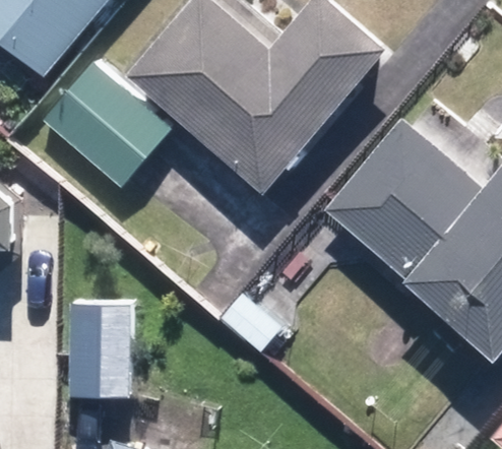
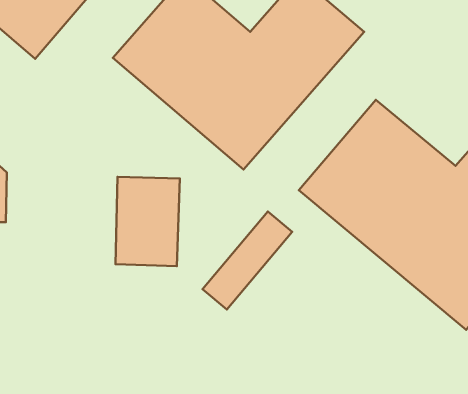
building: [41,61,171,188] -> none
building: [68,303,135,396] -> [116,177,180,266]

